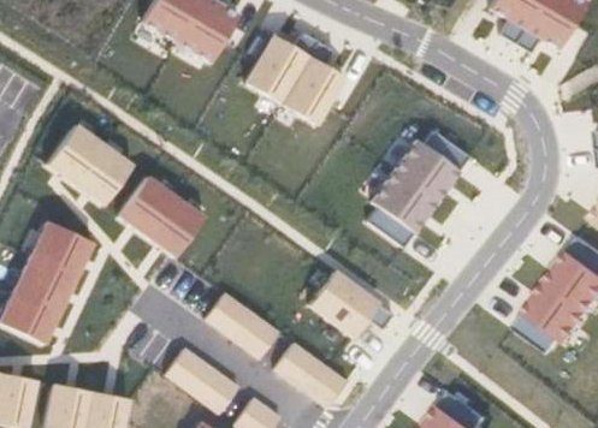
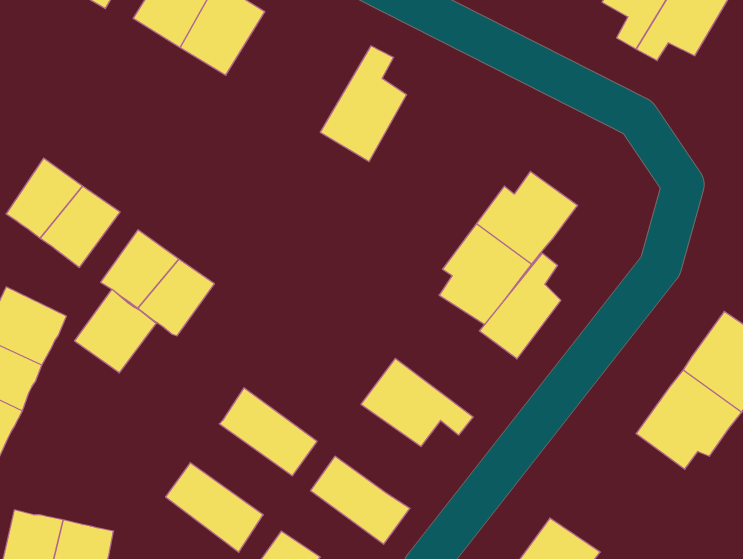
building: [243,32,318,105] -> none
building: none -> [479,253,561,359]
building: none -> [75,289,156,373]

